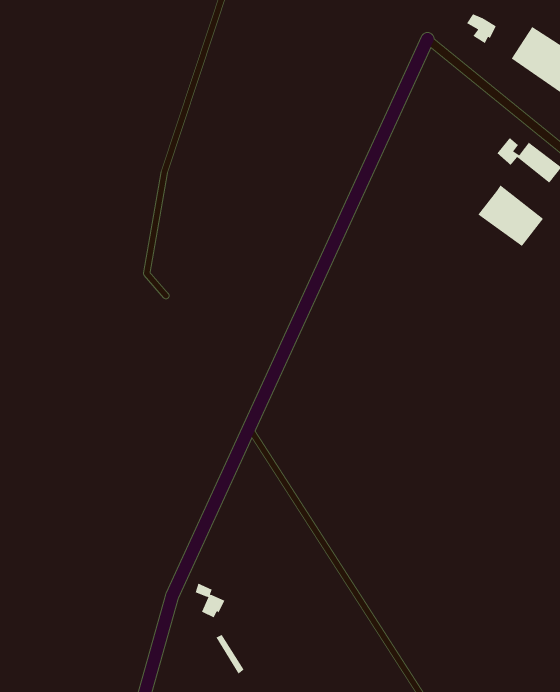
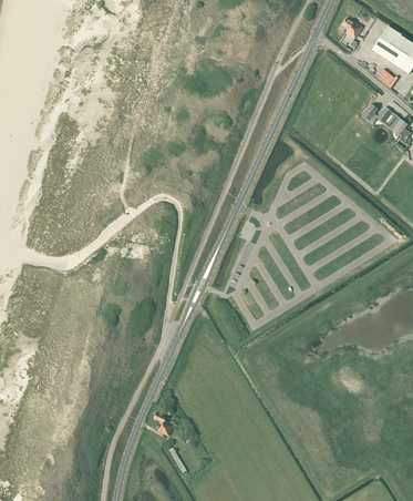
building: [478,184,544,247] -> none

